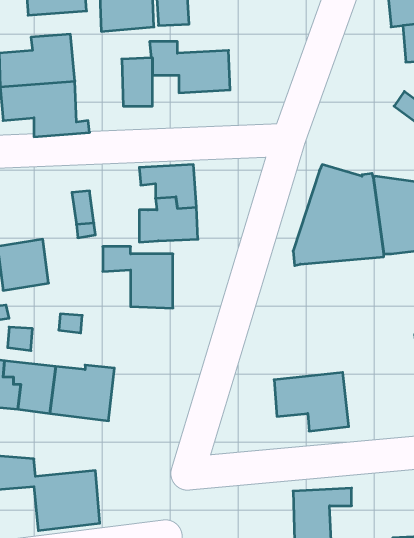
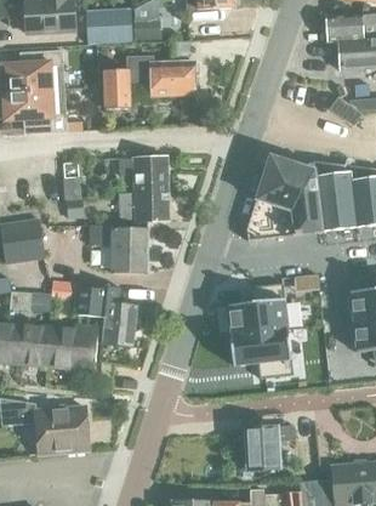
building: none -> [224,282,287,334]
building: none -> [75,285,137,346]

